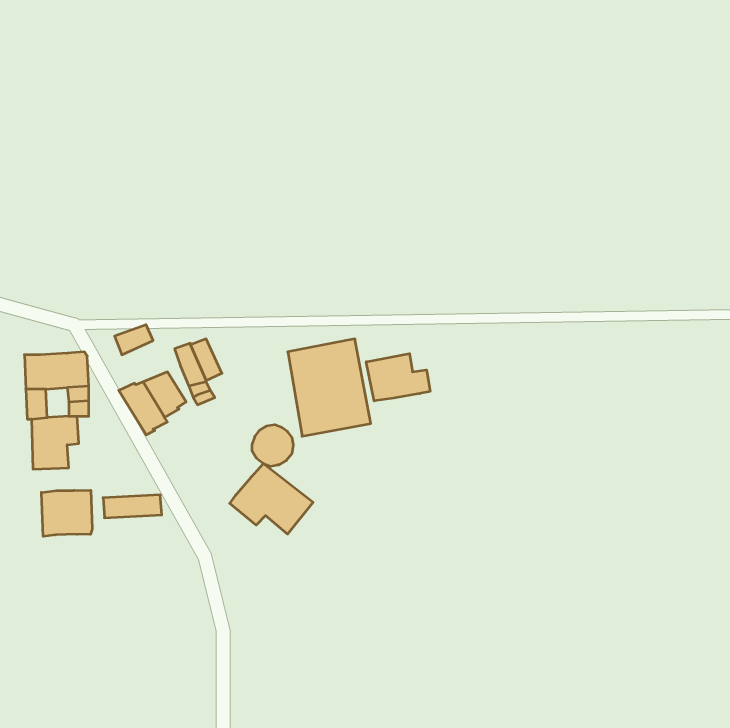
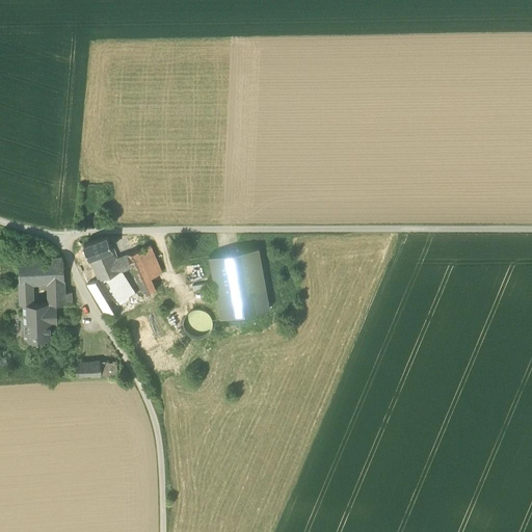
building: none -> [89,249,132,282]
building: [366,354,430,401] -> none
building: [230,463,313,534] -> none
building: [41,490,92,536] -> none

